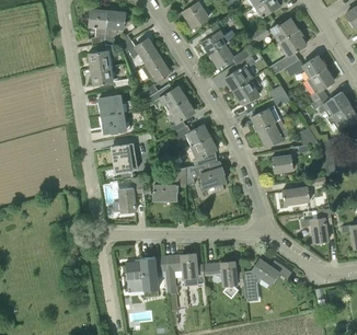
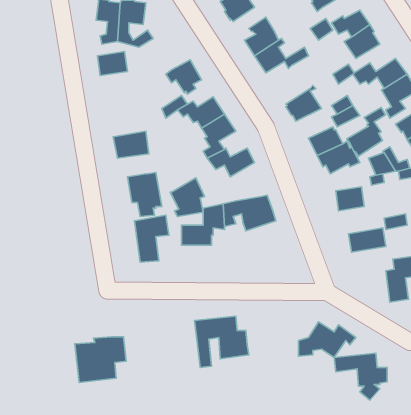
building: [120,38,160,65] -> none
building: [224,54,254,91] -> [347,108,386,156]
building: [91,66,129,89] -> none
building: [99,95,134,116] -> none
building: [189,136,216,165] -> [170,178,204,216]
building: [126,257,165,292] -> [75,337,126,382]
building: [203,262,243,298] -> [334,353,387,400]

